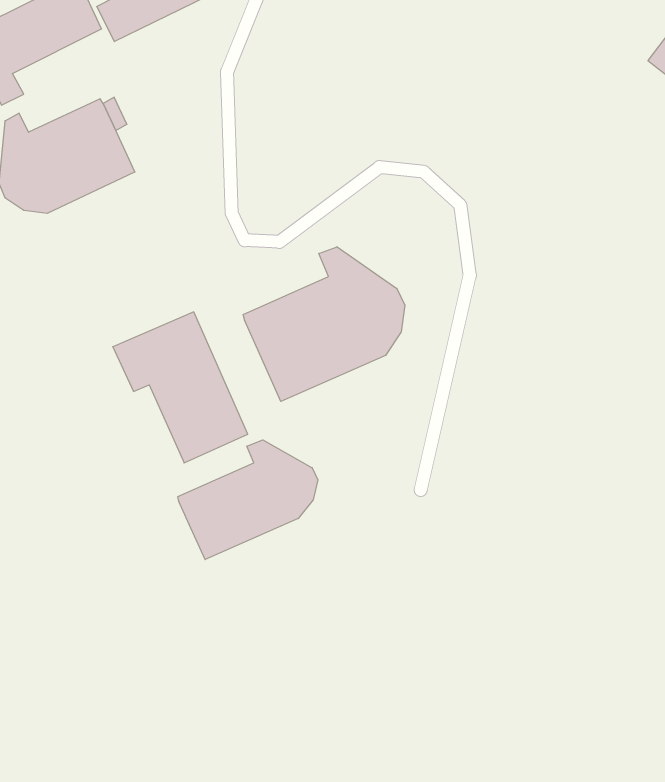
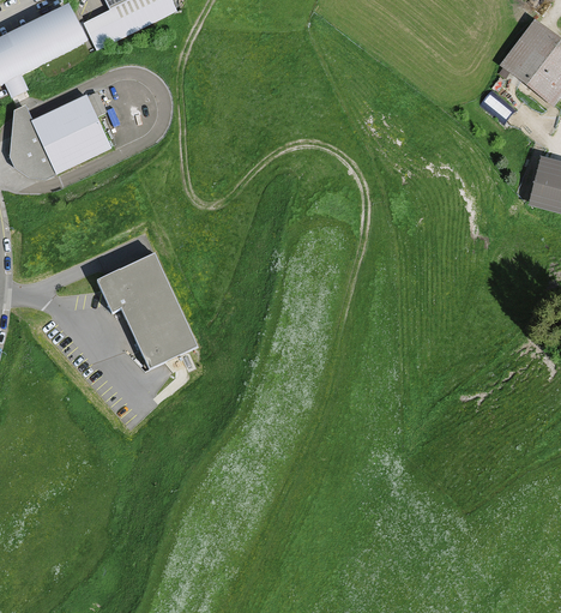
building: [243,247,405,401] -> none
building: [178,440,318,560] -> none

